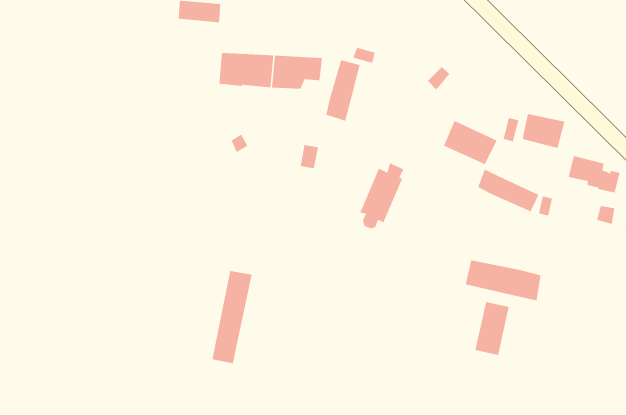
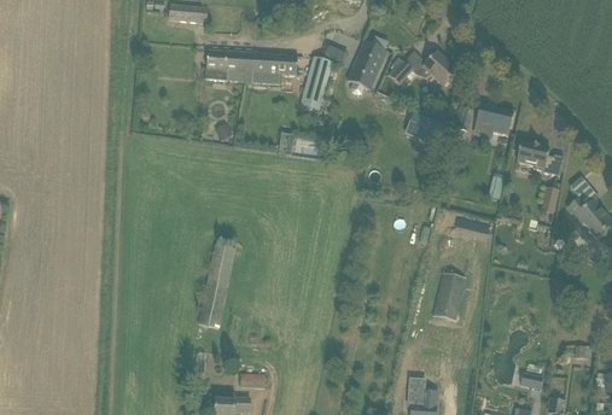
building: none -> [422,51,456,86]
building: [360,162,404,229] -> [348,35,387,94]
building: [477,169,539,212] -> none
building: [465,259,541,301] -> none

